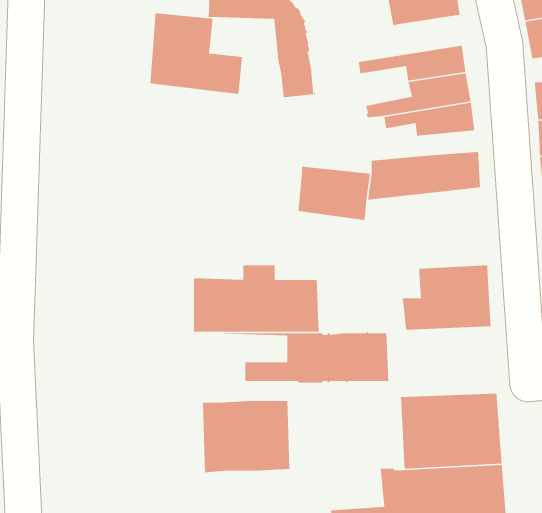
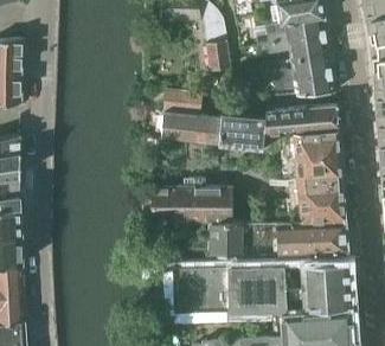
building: [149,13,243,95] -> [161,91,222,145]
building: none -> [256,18,326,47]
building: none -> [263,129,342,186]
building: none -> [277,219,348,255]
building: none -> [213,264,288,312]

